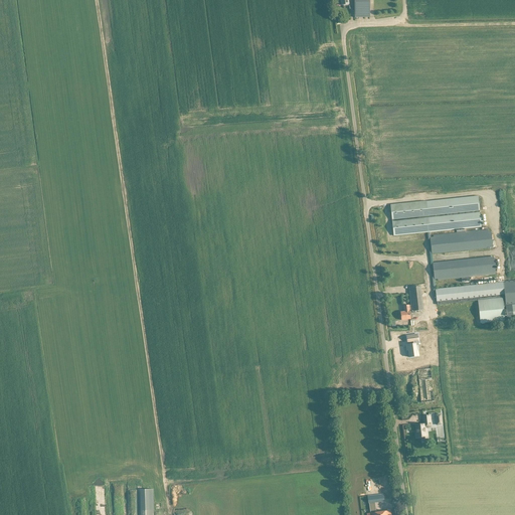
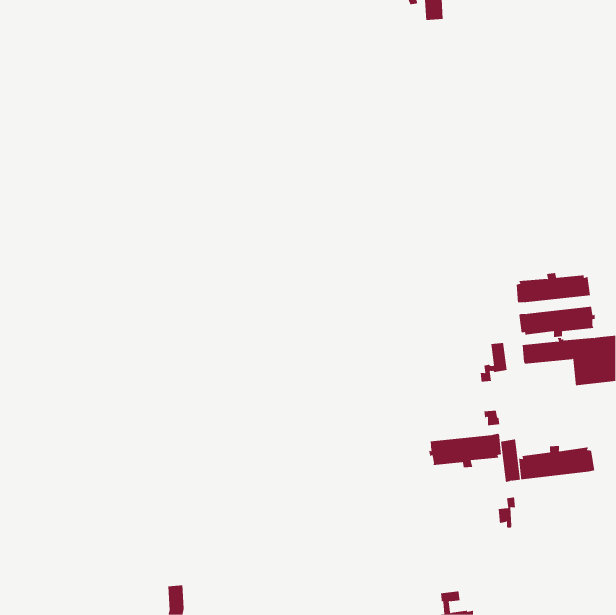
building: [390,195,483,234] -> none
building: none -> [428,433,501,468]
building: none -> [519,445,595,480]

